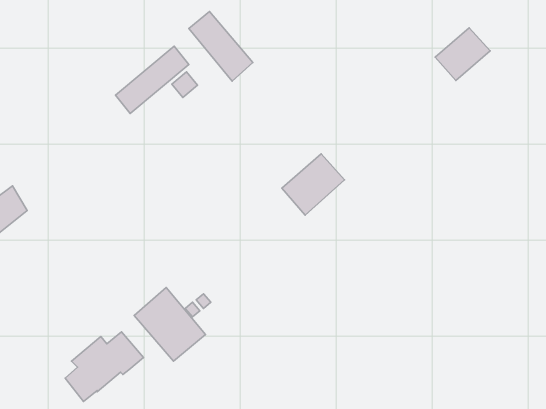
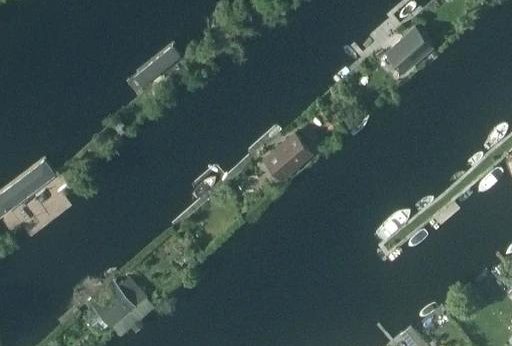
building: [189,11,253,81] -> none
building: [134,287,205,361] -> none

